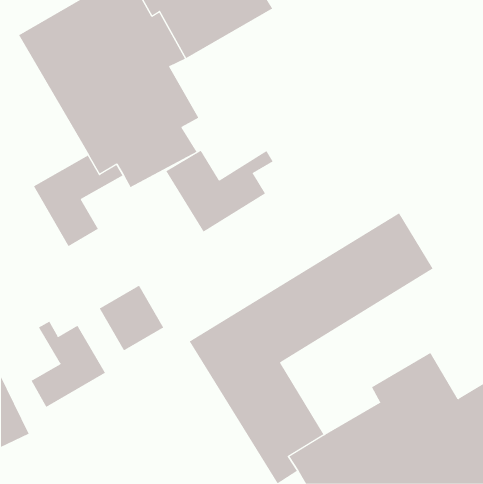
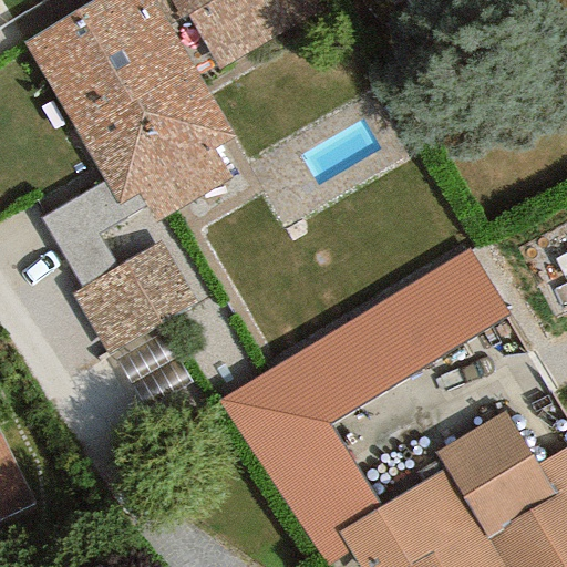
building: [166,150,273,233] -> none
building: none -> [72,240,196,352]
building: [31,321,106,408] -> none

